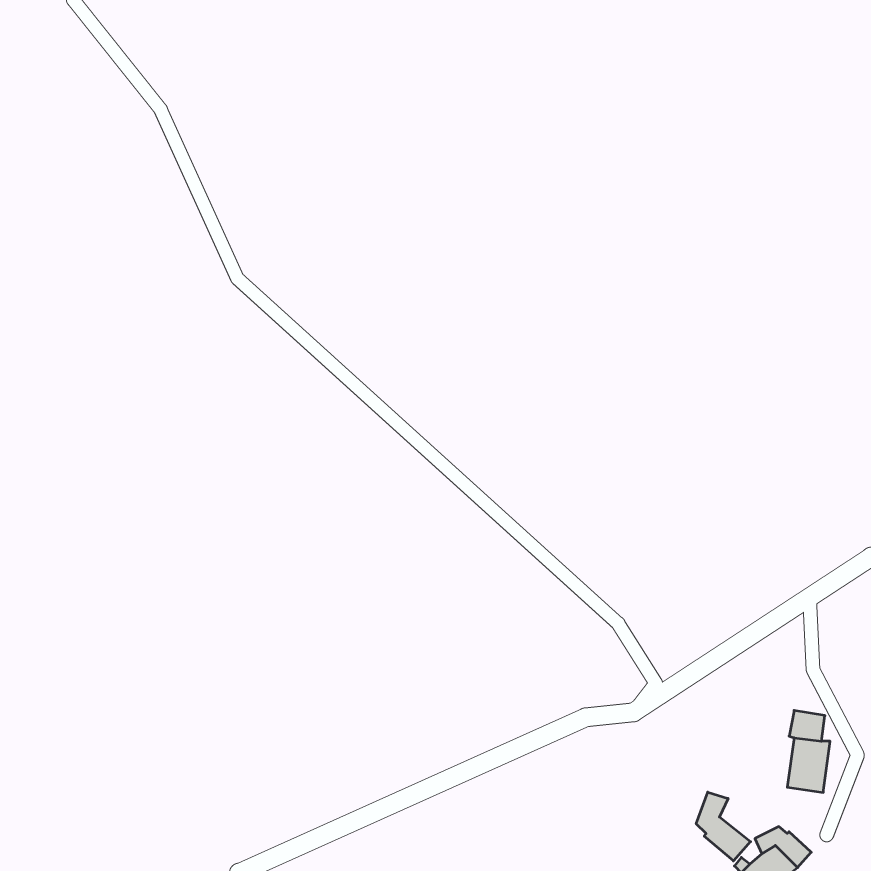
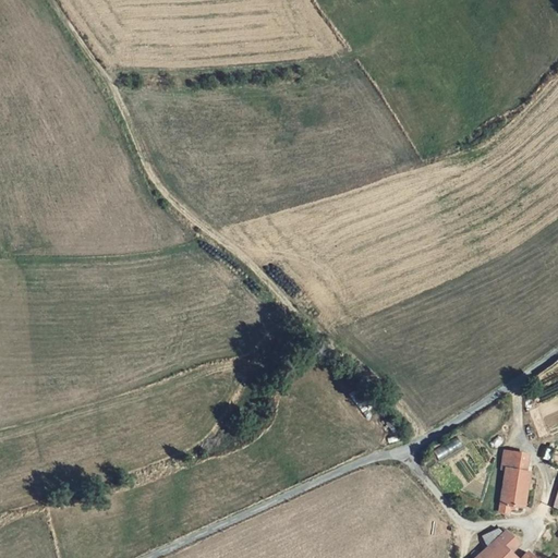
building: [696,792,751,861] -> none

